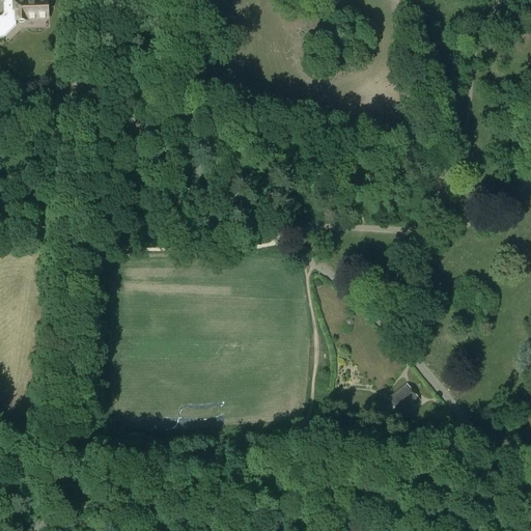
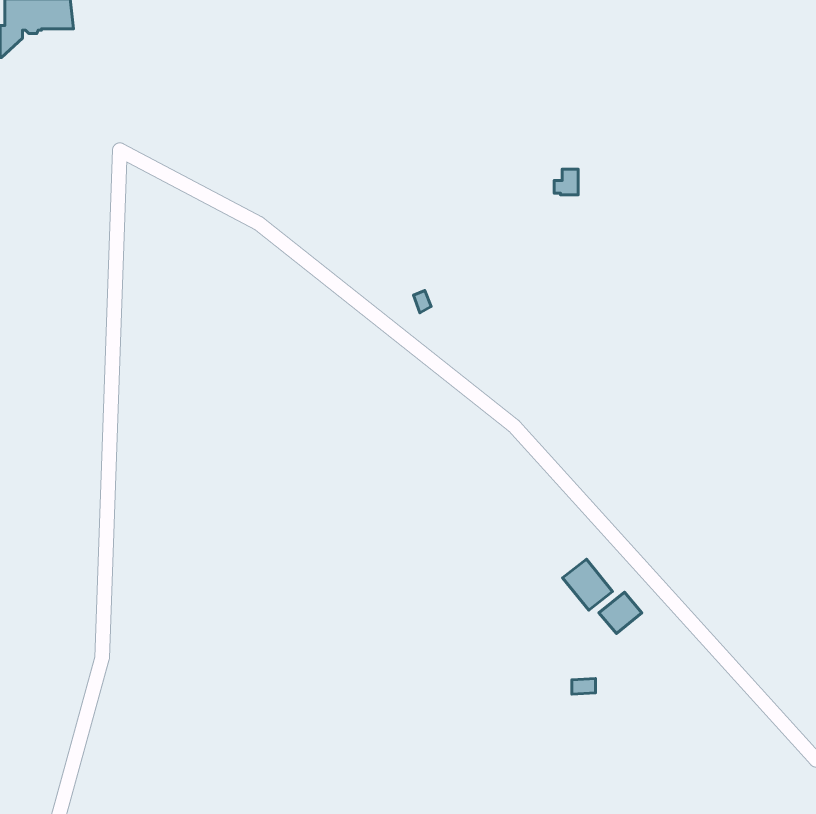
building: none -> [562,559,613,610]

